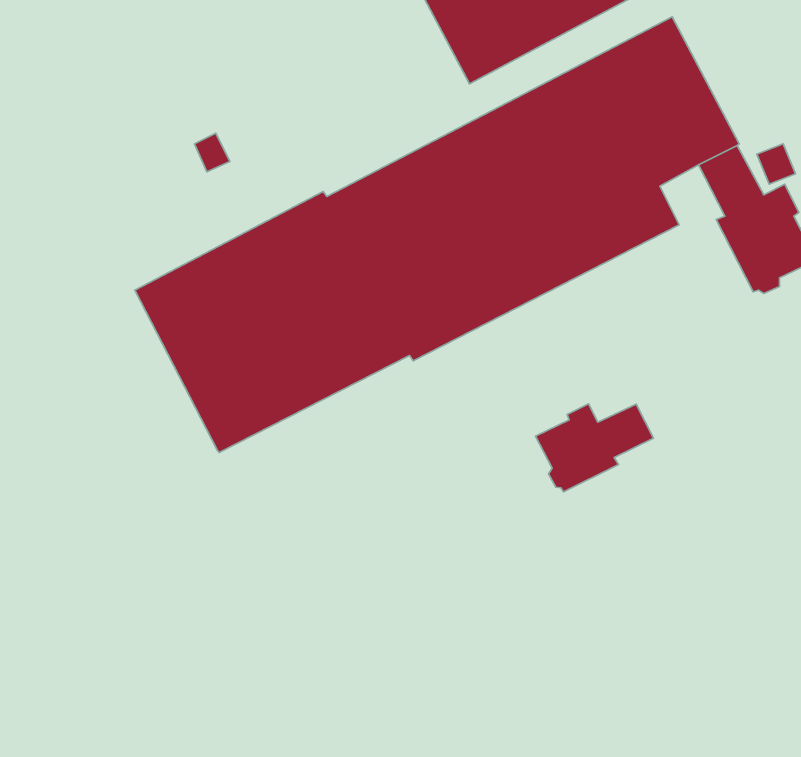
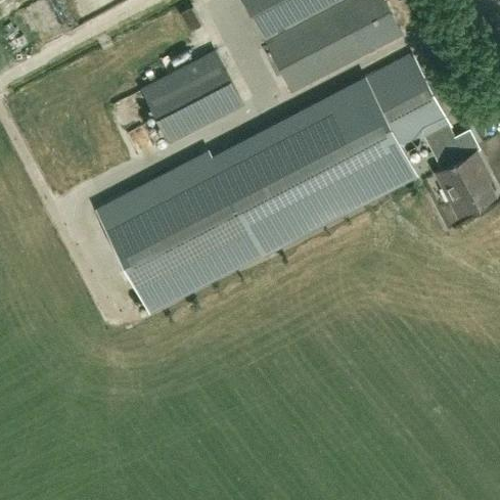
building: none -> [141,52,242,143]
building: [535,404,653,492] -> none

